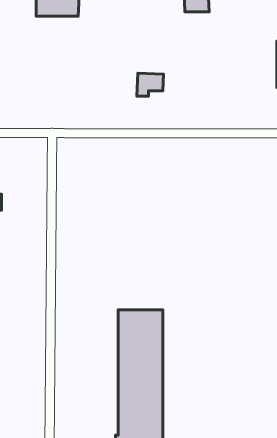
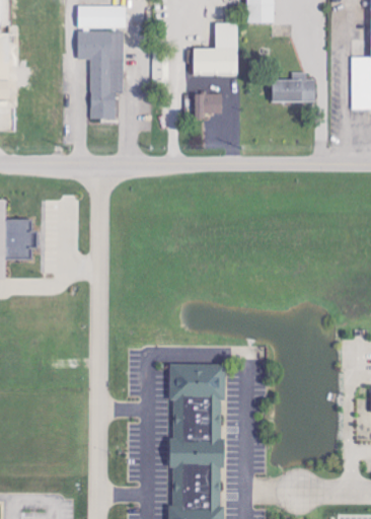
building: none -> [194,23,238,76]
building: none -> [77,30,124,120]
building: none -> [272,72,316,103]

